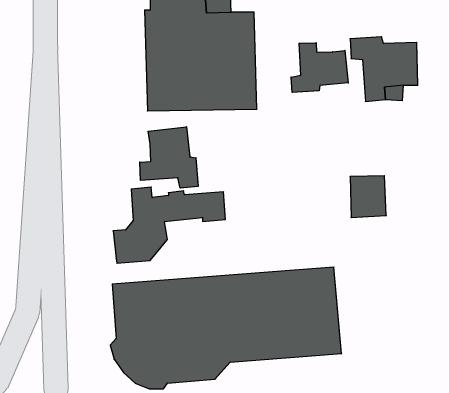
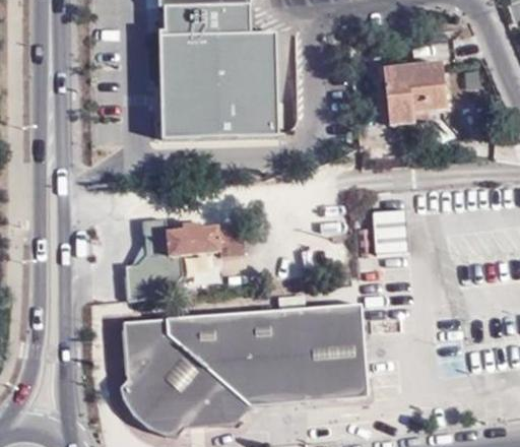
building: [291,43,348,92] -> none
building: [140,127,198,188] -> none

